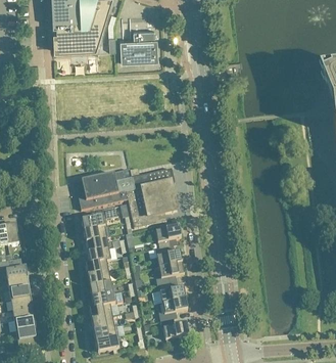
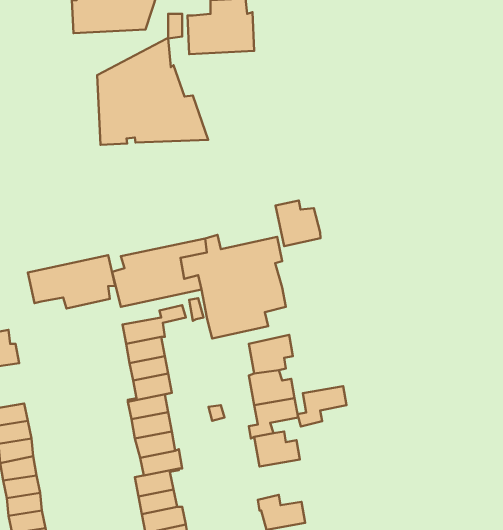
building: none -> [97,38,208,145]
building: none -> [275,200,320,246]
building: none -> [28,255,115,308]
building: [158,298,187,321] -> [297,386,347,426]

